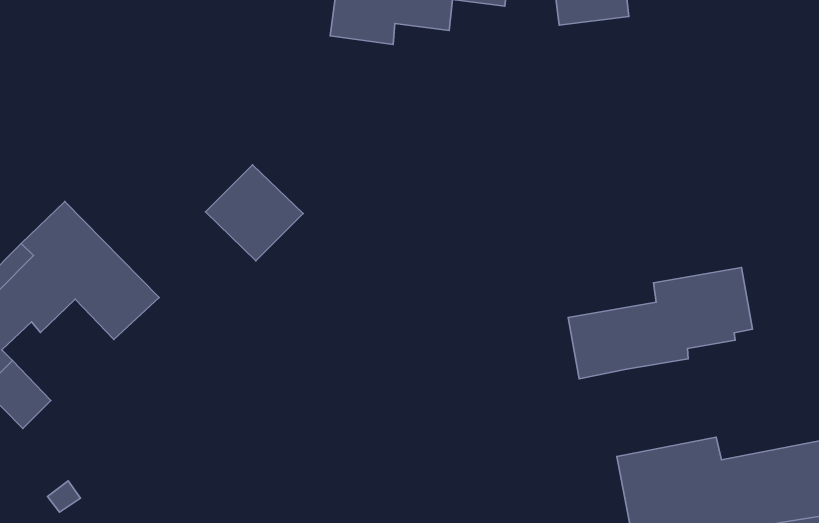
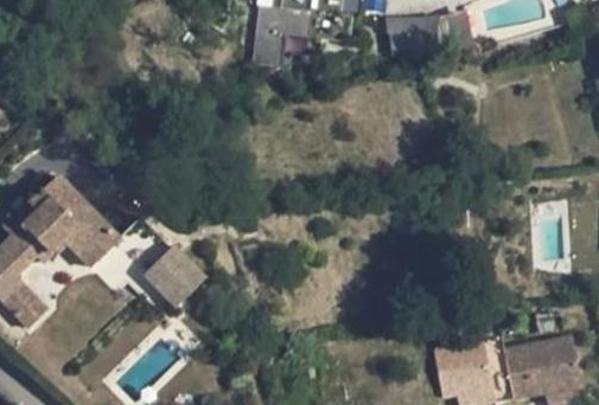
building: [205,165,303,261] -> [140,240,206,306]
building: [568,268,752,379] -> none

